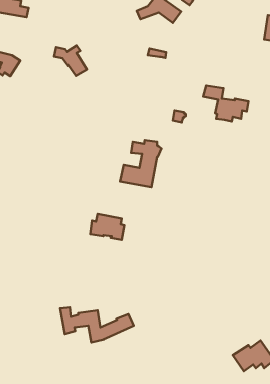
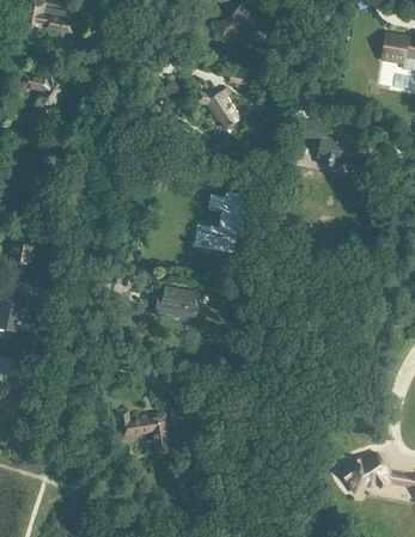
building: [54,45,87,76] -> [196,89,239,128]

